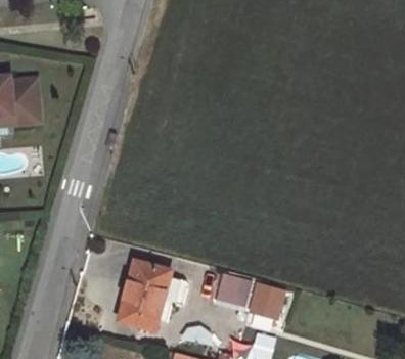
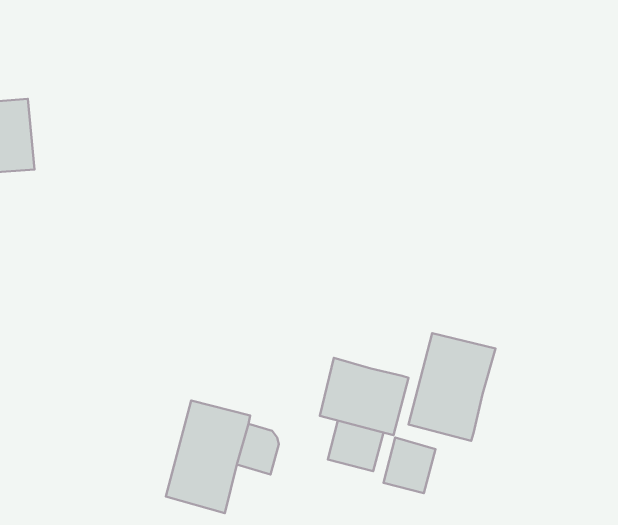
building: none -> [408,333,495,441]
building: none -> [320,358,409,435]

